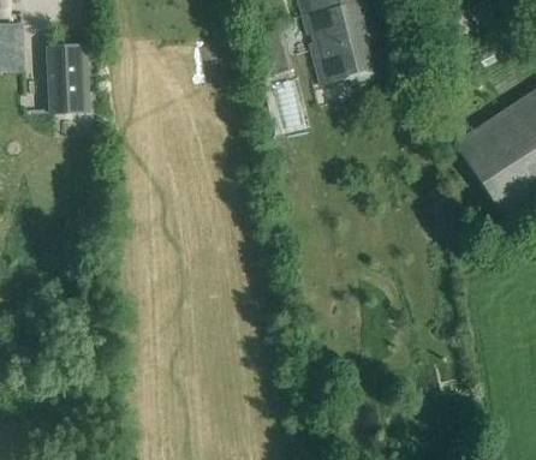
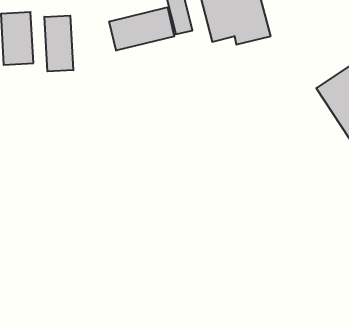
building: none -> [109,7,174,51]
building: none -> [44,16,73,71]

